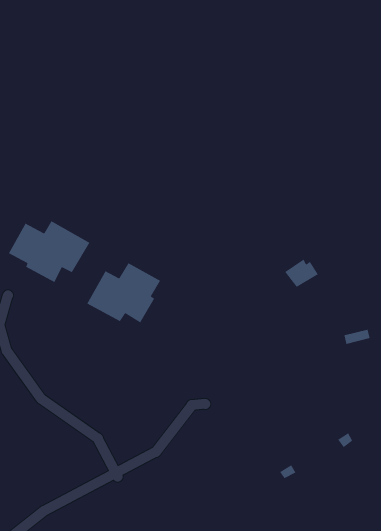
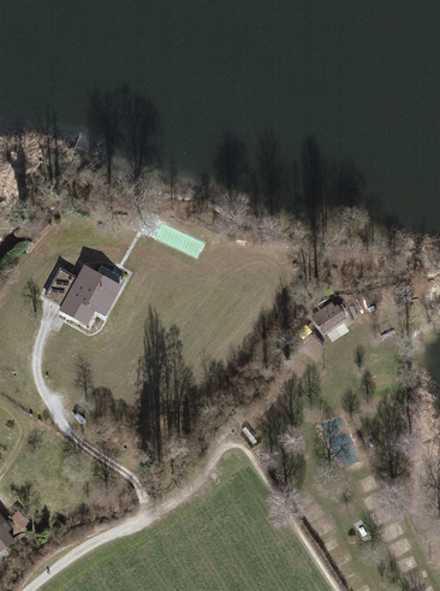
building: [86,262,161,323] -> none

